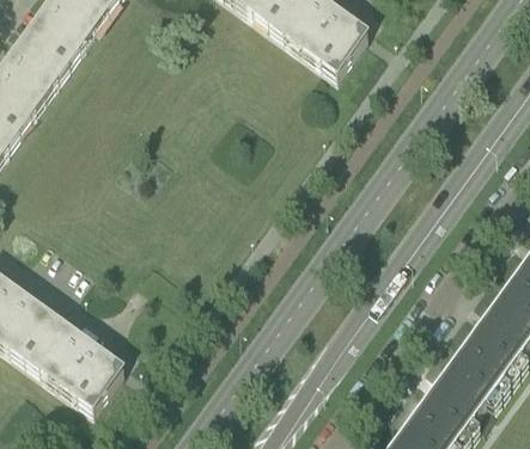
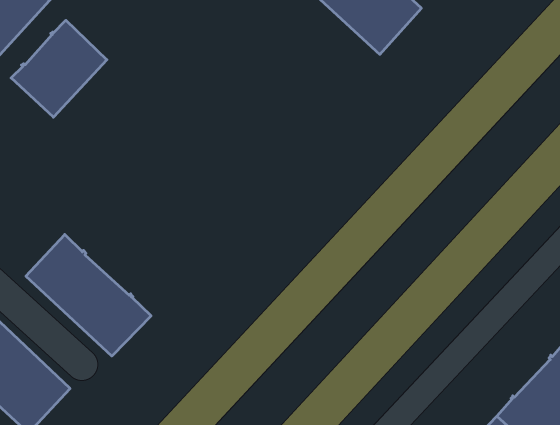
building: none -> [11,20,107,117]
building: none -> [26,234,151,356]

